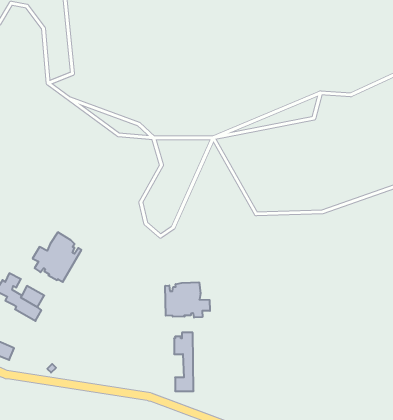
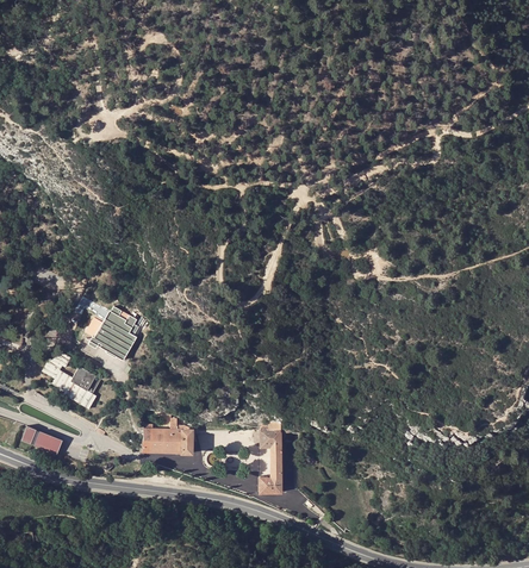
building: [165,282,210,318] -> none
building: none -> [143,418,194,456]

